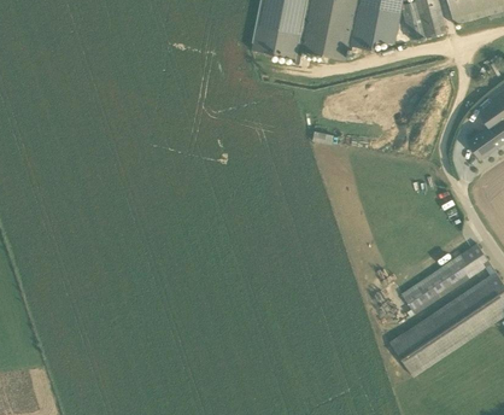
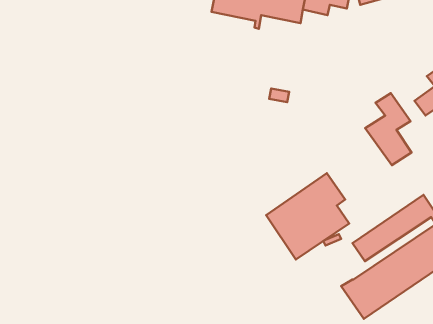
building: none -> [365,93,412,165]
building: none -> [266,173,349,260]

